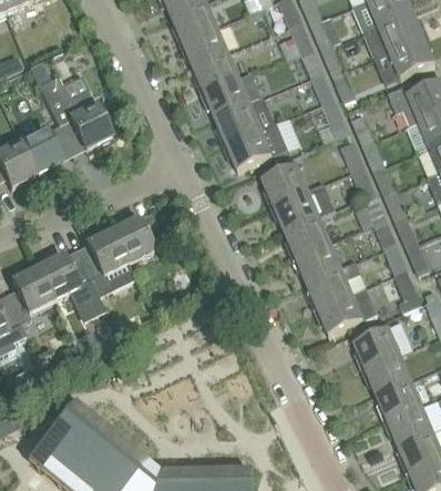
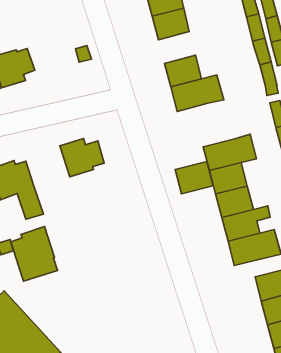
building: [204,73,259,117] -> none
building: [38,75,112,149] -> none
building: [261,164,307,205] -> [175,161,213,194]
building: [75,228,133,294] -> [11,226,58,281]

